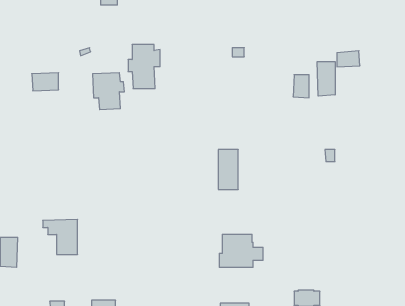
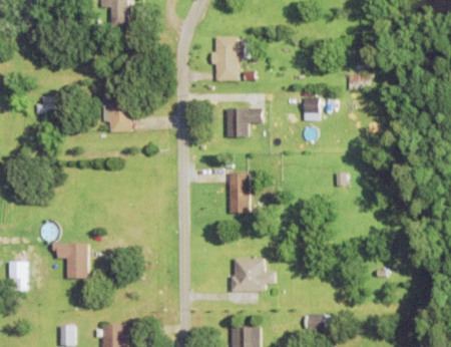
building: [128,45,160,89] -> [211,36,244,80]
building: [317,62,335,96] -> none
building: none -> [227,107,264,136]

